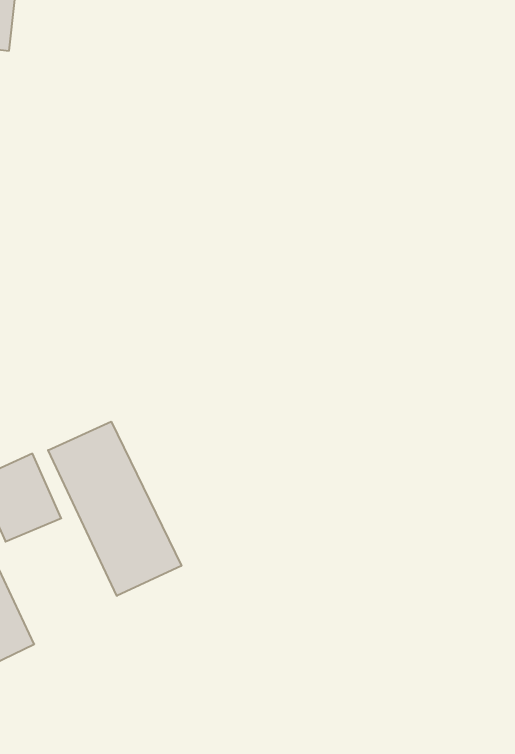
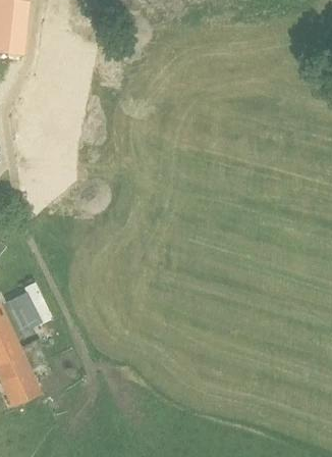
building: [48,422,181,596] -> none

